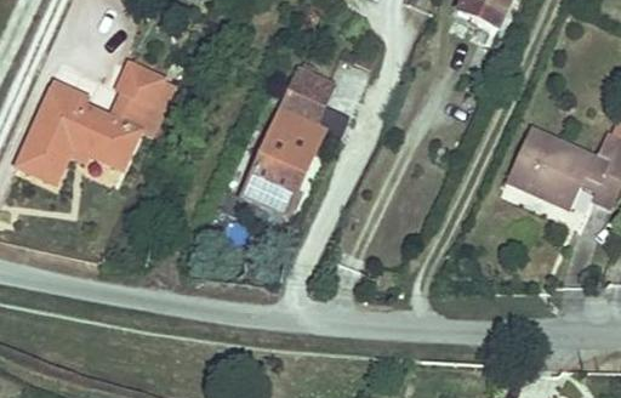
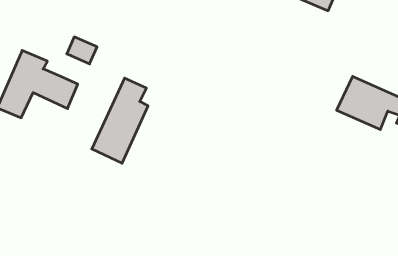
building: [249,83,330,205] -> [92,78,148,163]
building: [113,95,166,143] -> none

